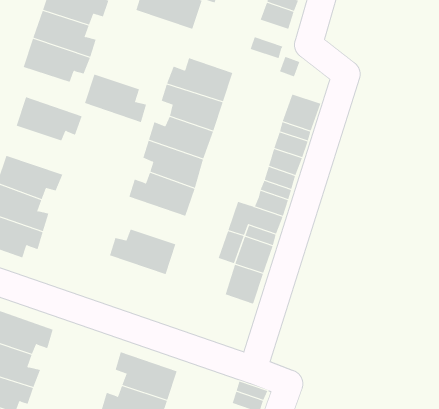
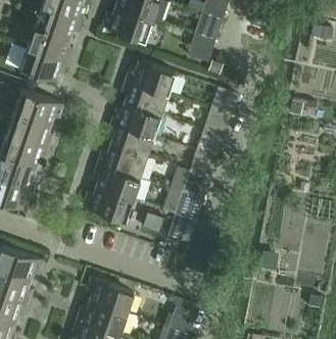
building: [84,74,147,123] -> [7,112,53,148]
building: none -> [93,164,139,199]

